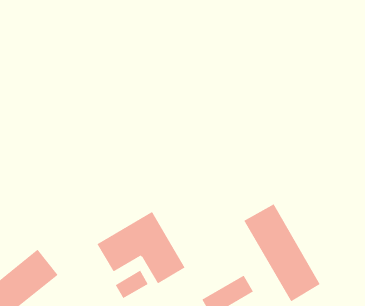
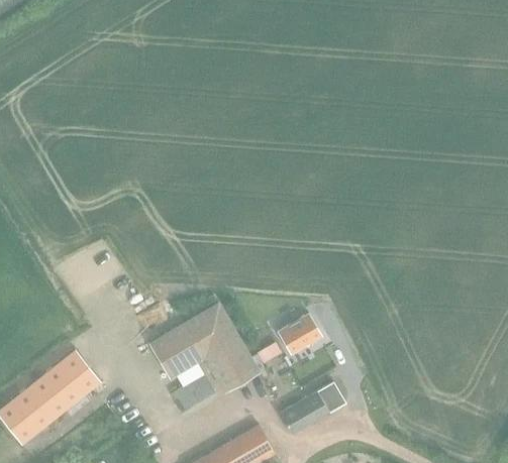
building: [243,203,321,302] -> none
building: none -> [278,323,320,361]

